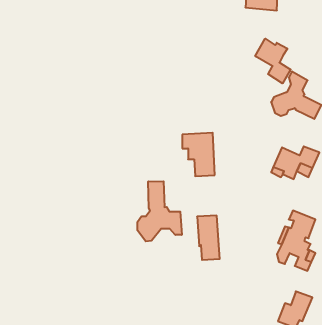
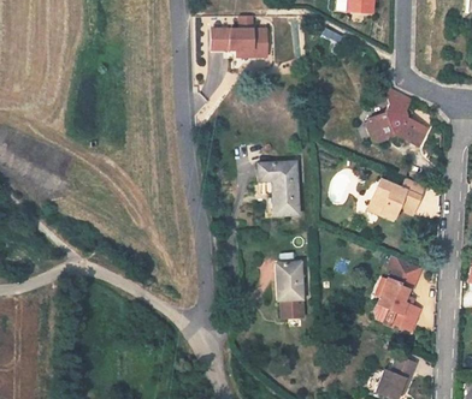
building: none -> [211,14,269,56]
building: [255,39,291,83] -> none
building: [137,181,182,241] -> none

